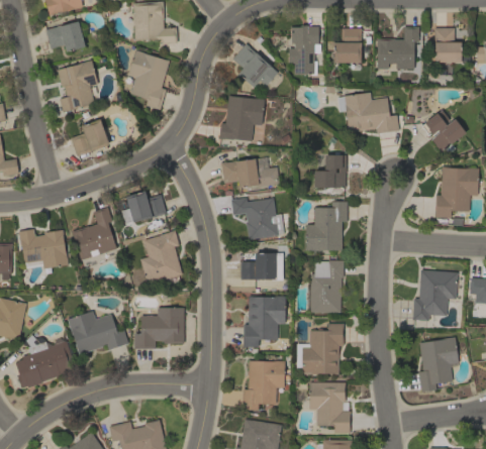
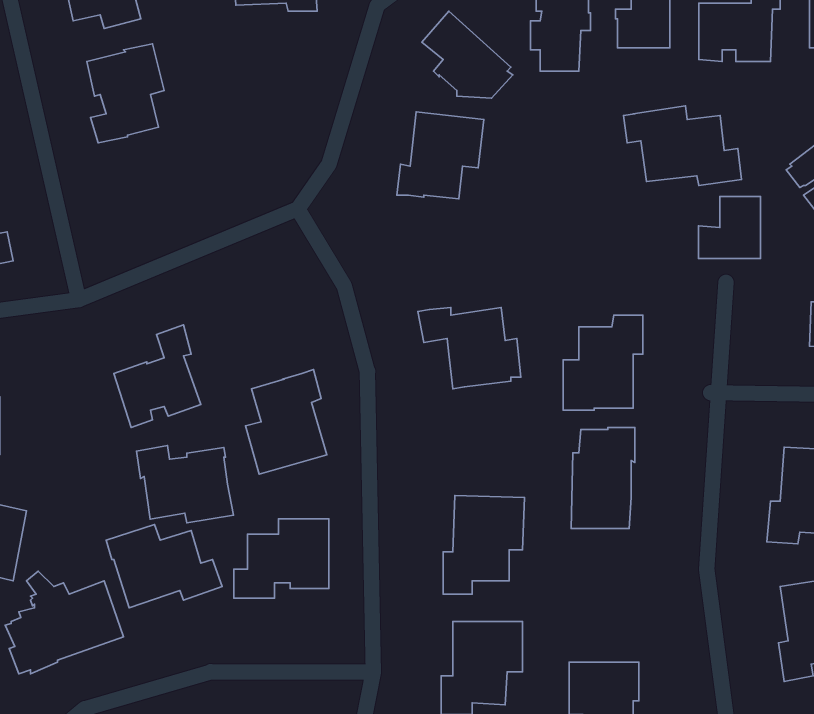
building: [128,50,170,110] -> none
building: [71,119,119,157] -> none
building: [314,155,347,188] -> [698,197,760,259]
building: [221,157,280,188] -> none
building: [118,191,167,224] -> none
building: [18,229,69,269] -> [137,445,233,523]
building: [240,253,284,280] -> none
building: [296,324,344,375] -> none

